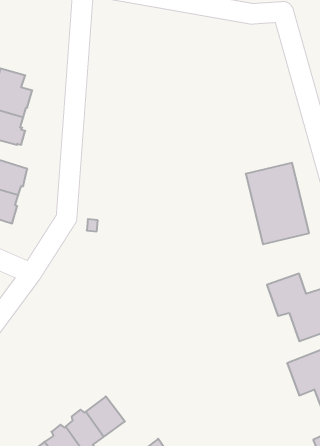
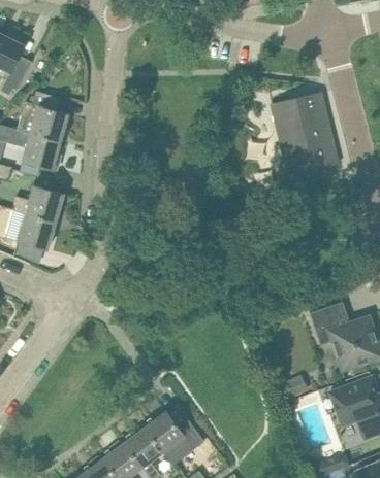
building: [246,163,309,244] -> [272,92,337,175]
building: none -> [144,410,204,463]

